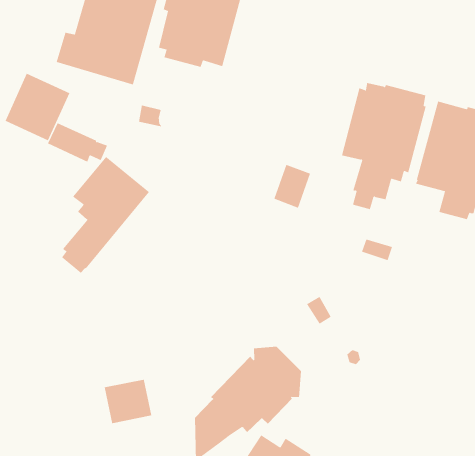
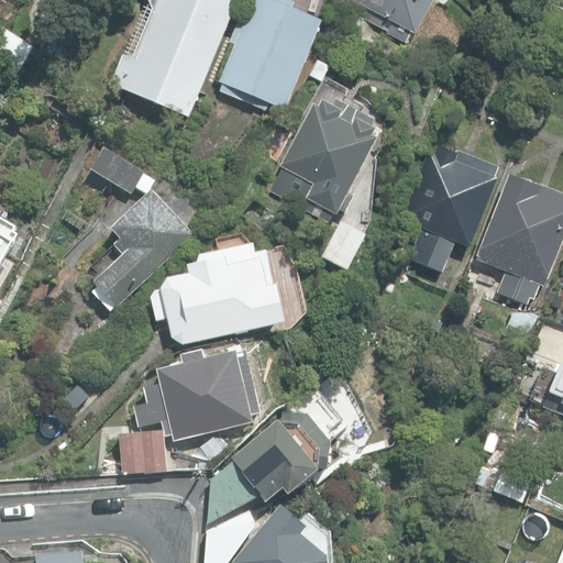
building: none -> [273,81,377,223]
building: [5,73,70,141] -> none
building: none -> [151,243,284,344]
building: none -> [132,350,260,440]

